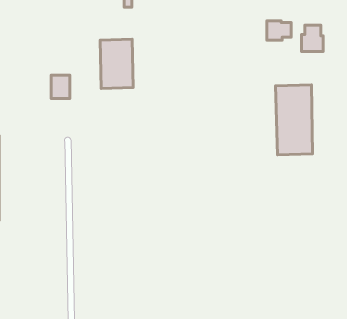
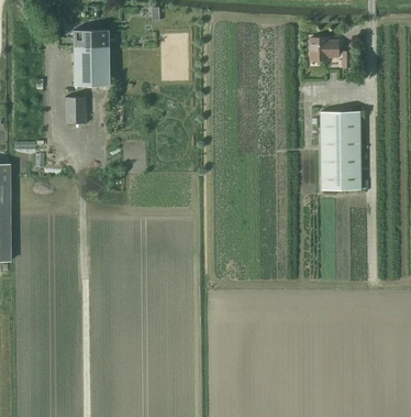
building: [302,25,323,51] -> none
building: [100,39,133,89] -> [74,31,111,87]

